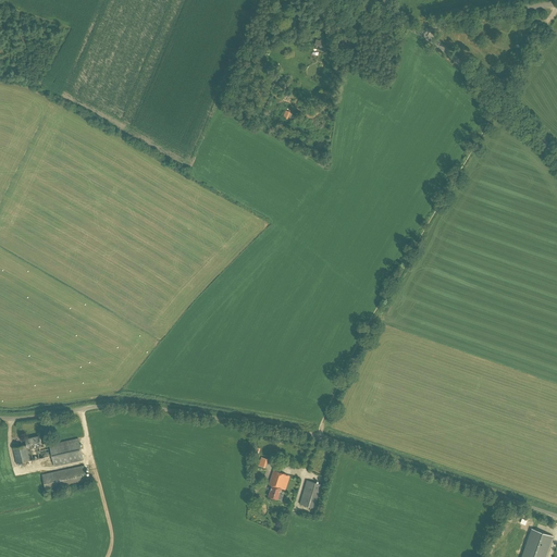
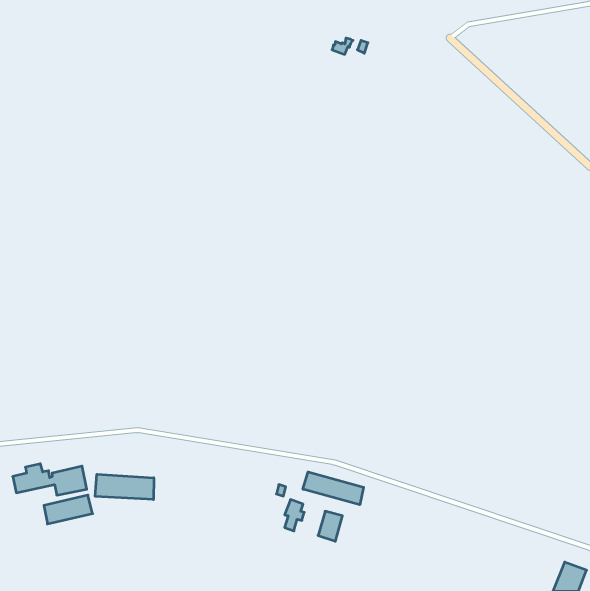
building: none -> [303,472,364,505]
building: none -> [95,474,154,500]

